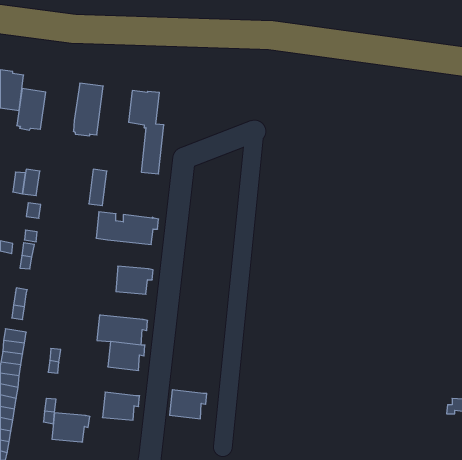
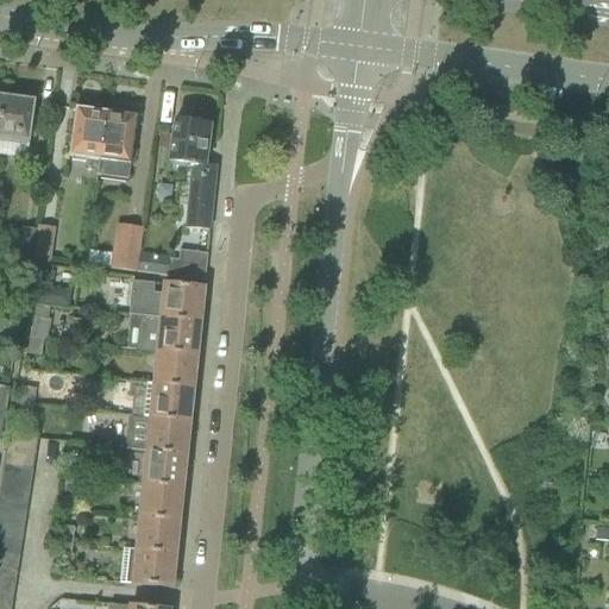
building: [17,88,46,130] -> [68,105,106,159]
building: none -> [136,250,207,280]
building: none -> [139,315,206,353]
building: none -> [131,381,199,420]
building: [170,390,207,419] -> [139,482,188,520]
building: [52,413,90,442] -> [132,548,182,586]

